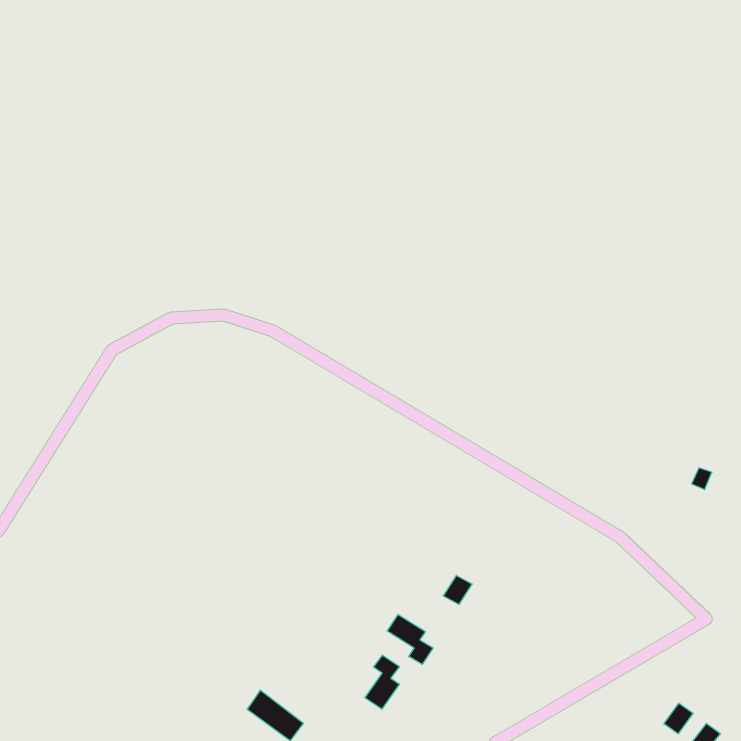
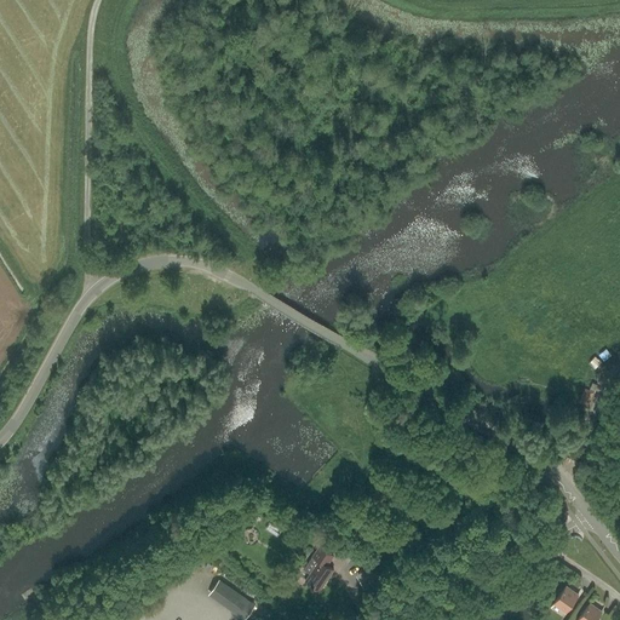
building: [387,614,433,664] -> none

